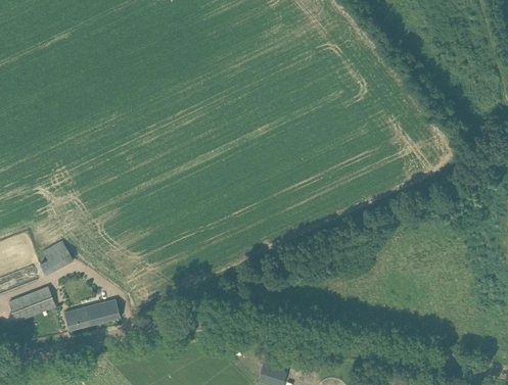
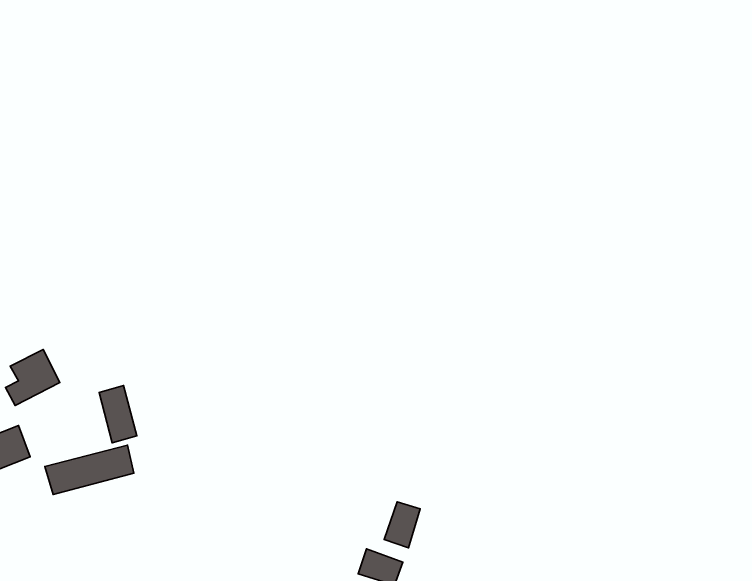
building: none -> [99,386,137,443]
building: none -> [384,502,420,548]

